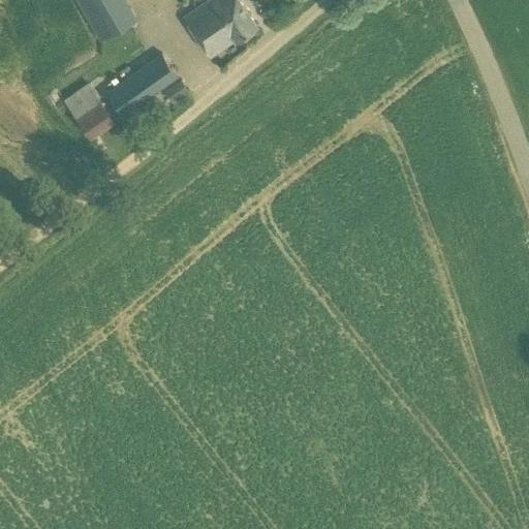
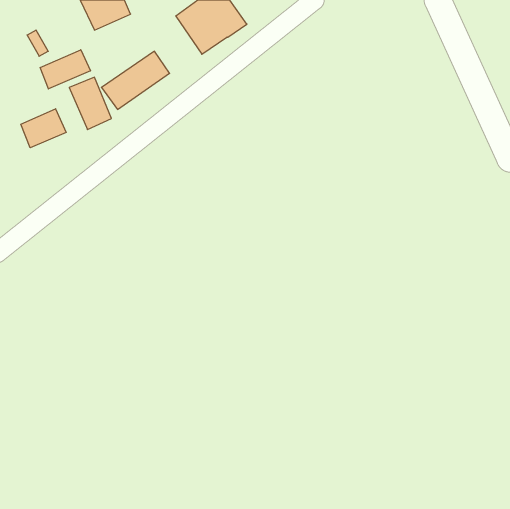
building: none -> [40,50,90,89]
building: none -> [21,109,66,148]

